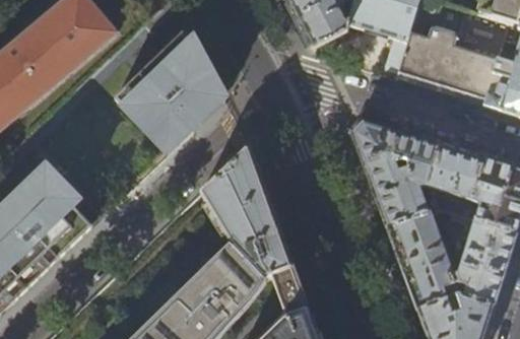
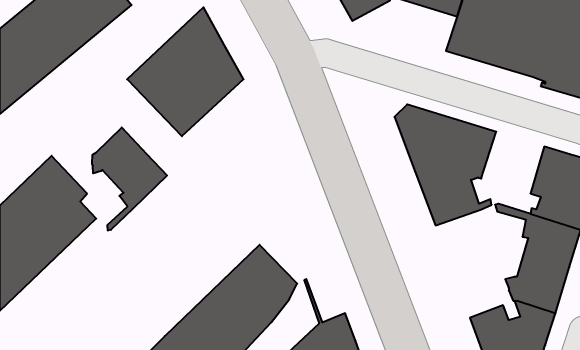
building: none -> [92,127,167,231]
building: [195,142,308,313] -> none
building: [429,143,484,198] -> none
building: [388,212,458,309] -> none

